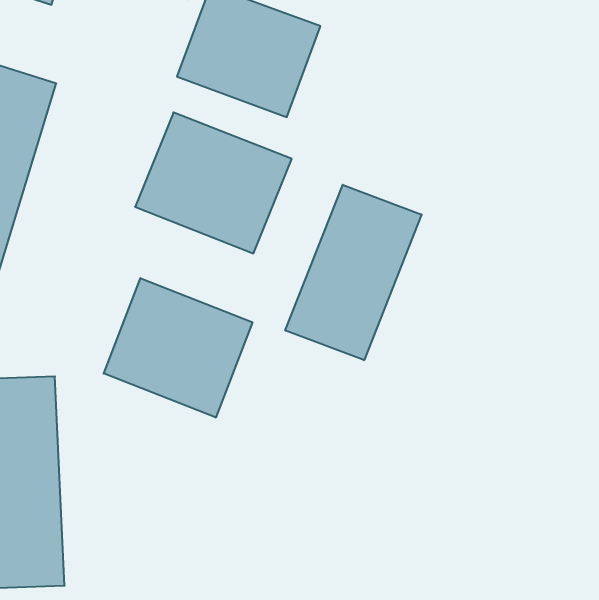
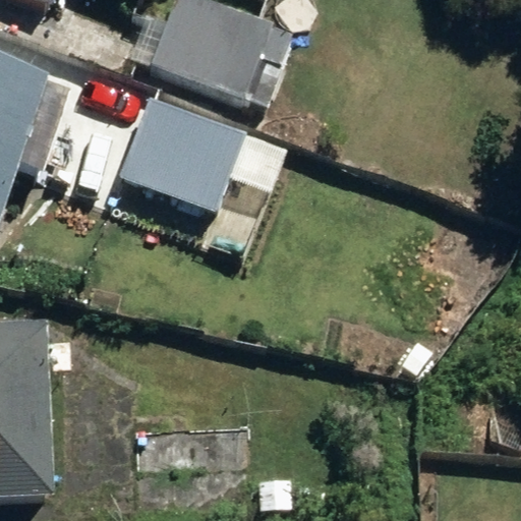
building: [285,185,422,360] -> none
building: [104,278,252,418] -> none

